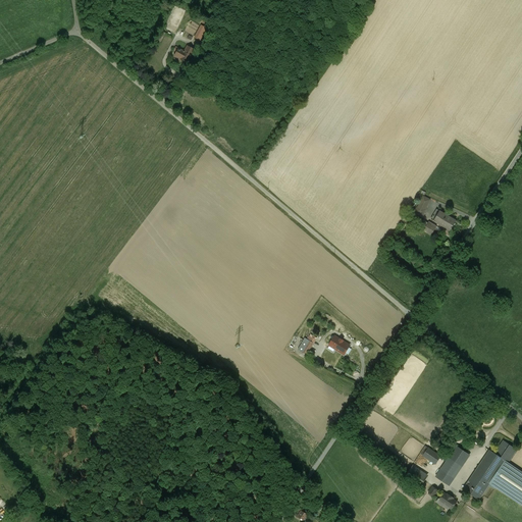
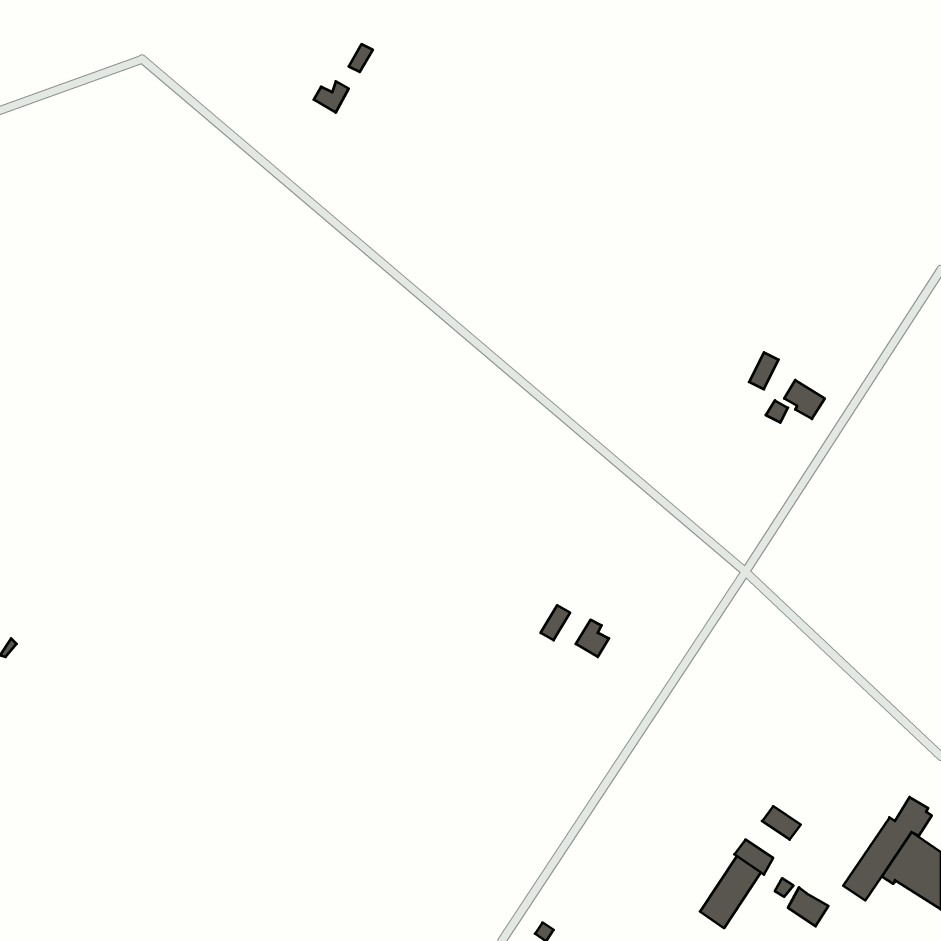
building: [435,446,469,485] -> [700,856,761,928]

